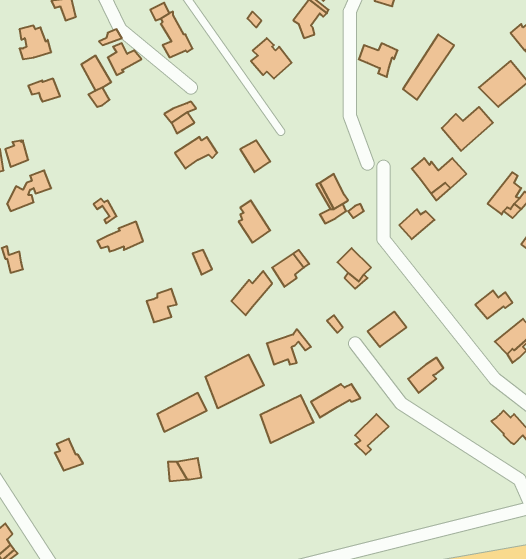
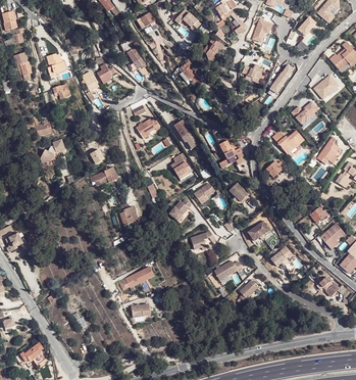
building: [205,355,264,408] -> none
building: [260,395,314,443] -> none

